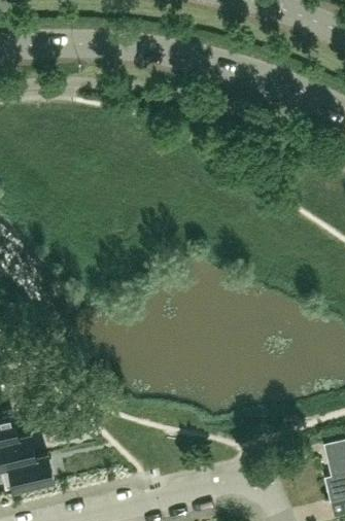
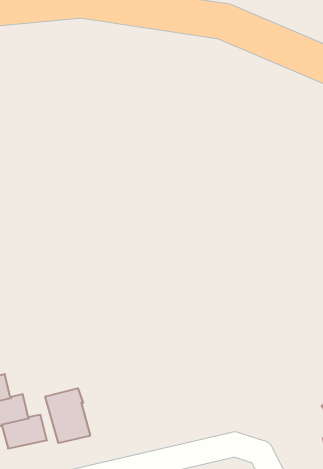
building: none -> [45,388,90,443]

